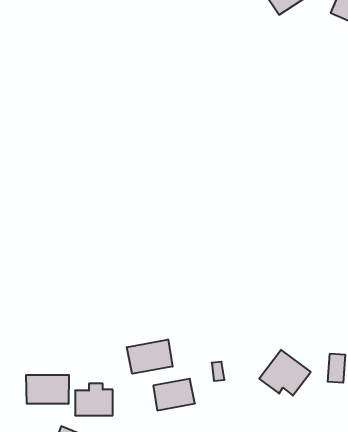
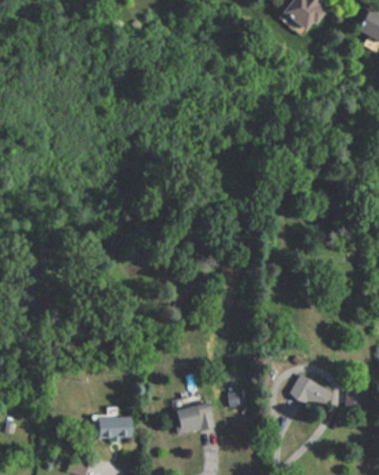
building: [127,339,173,374] -> none
building: [26,375,69,404] -> none

